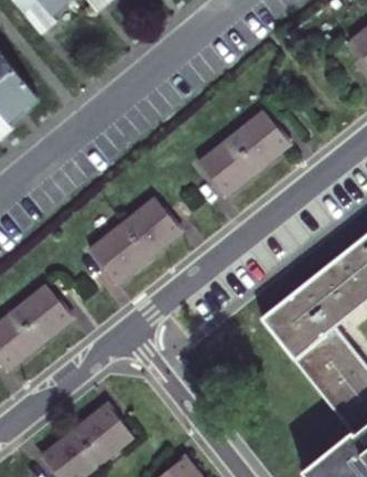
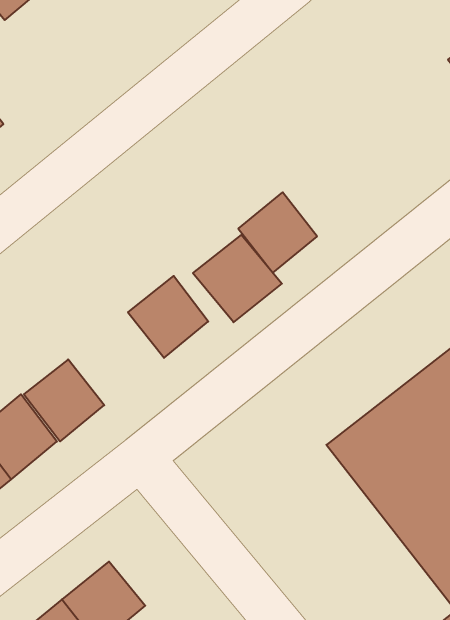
building: [229,117,283,172] -> none
building: none -> [193,235,282,322]
building: [90,225,147,283] -> [24,359,104,441]

